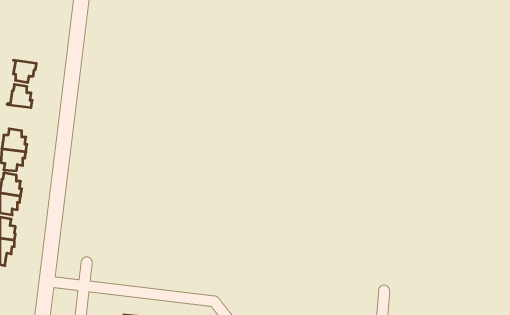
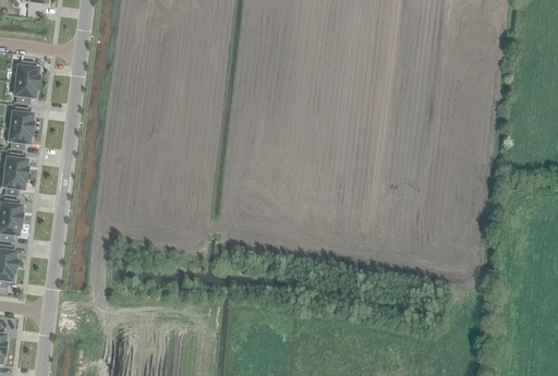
building: none -> [14,59,39,83]
building: none -> [7,125,33,148]

